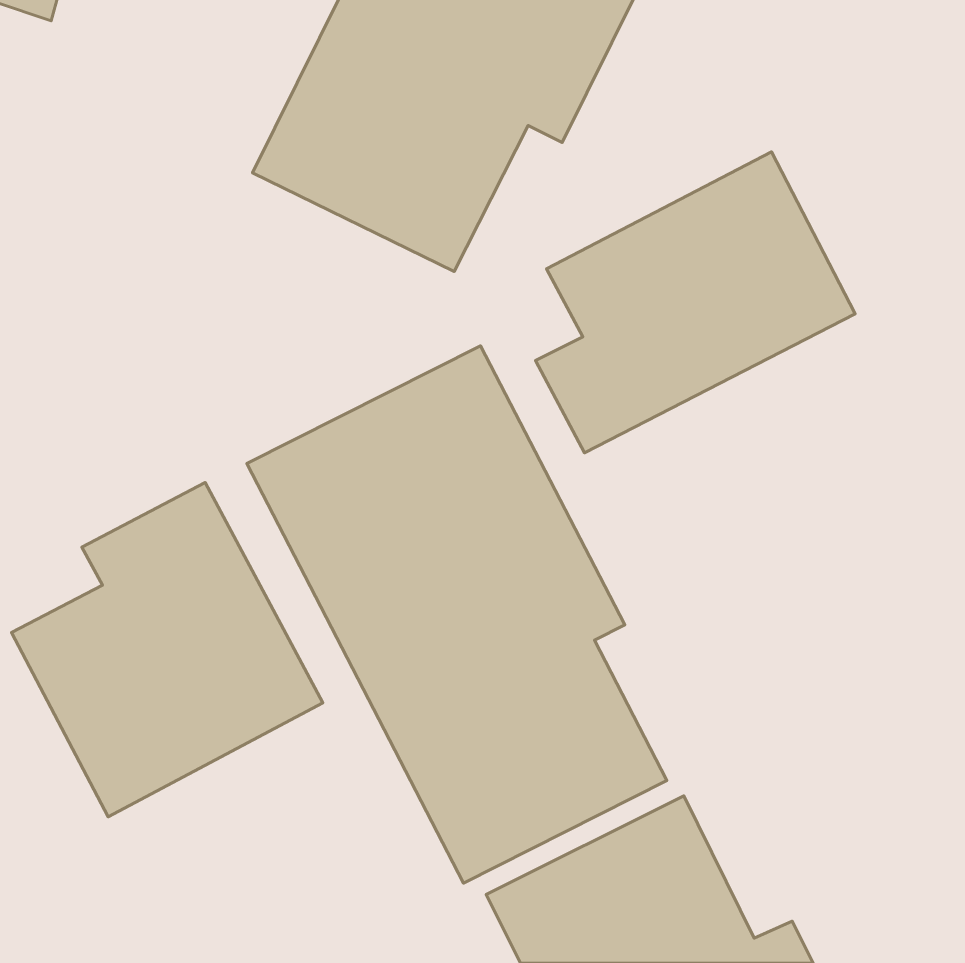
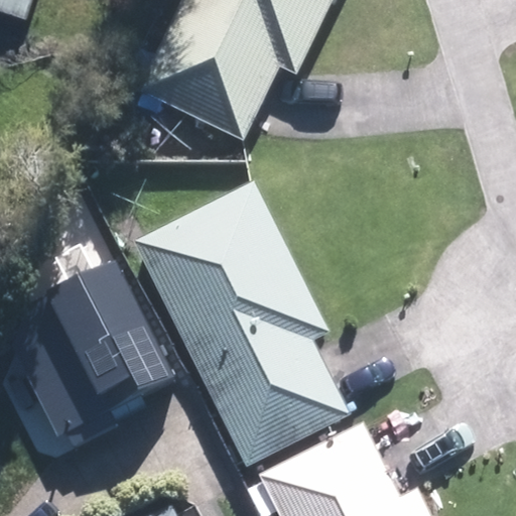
building: [536,152,855,453] -> none

